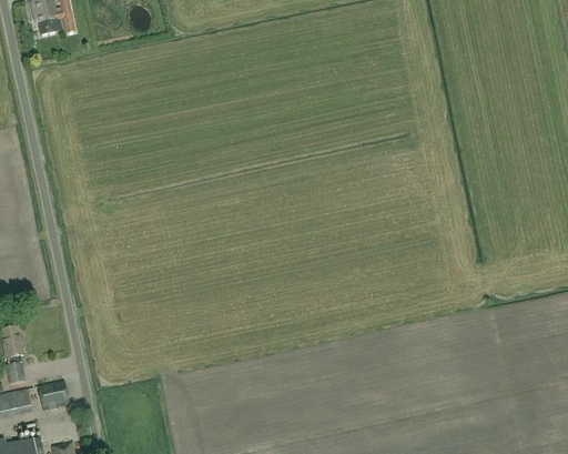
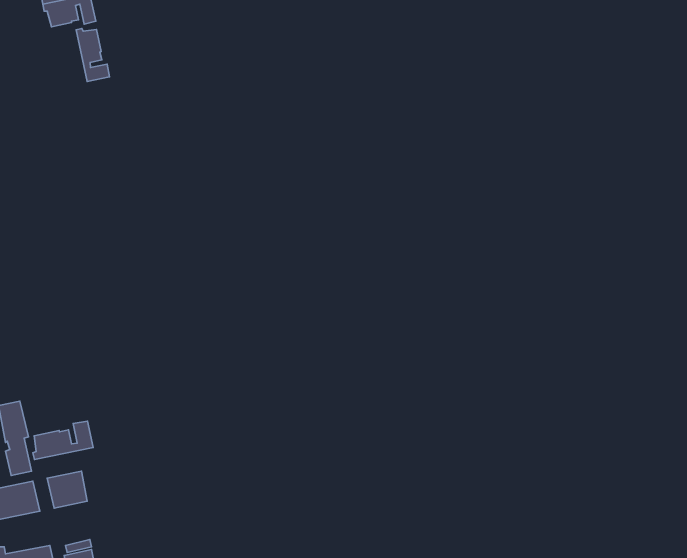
building: none -> [76,28,109,82]
building: none -> [33,421,93,460]

